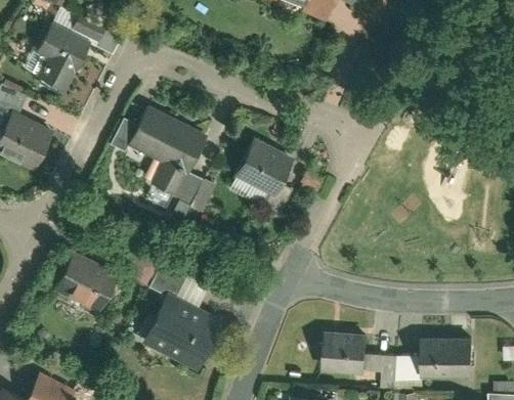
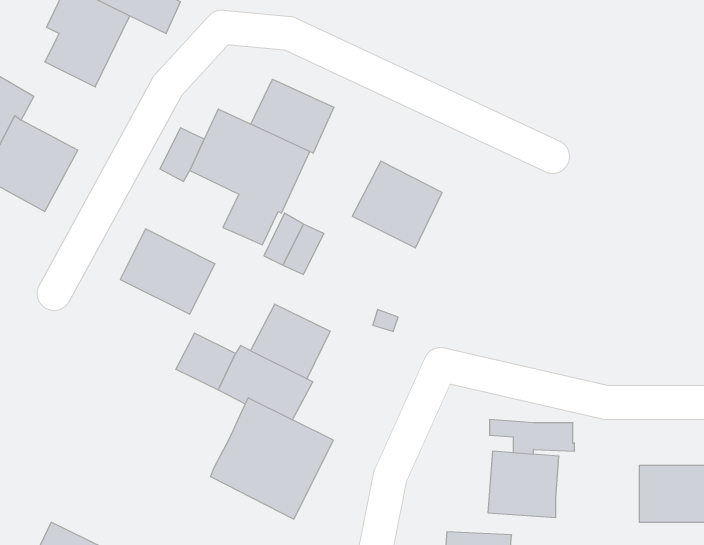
building: none -> [251,79,334,153]
building: none -> [251,304,330,379]
building: [55,256,117,311] -> [120,229,215,314]
building: [366,360,421,383] -> [489,420,575,454]

